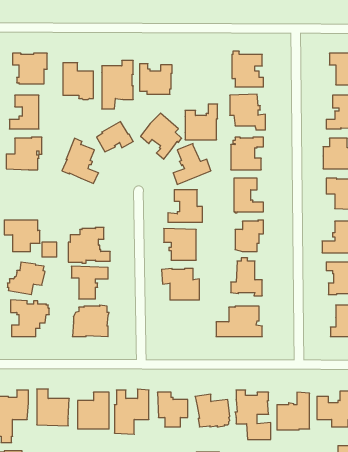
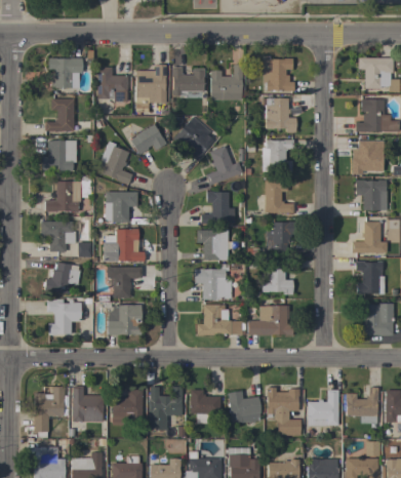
building: [185,104,218,140] -> [211,65,243,99]
building: none -> [45,175,92,211]
building: none -> [106,191,137,223]
building: none -> [197,304,246,334]

